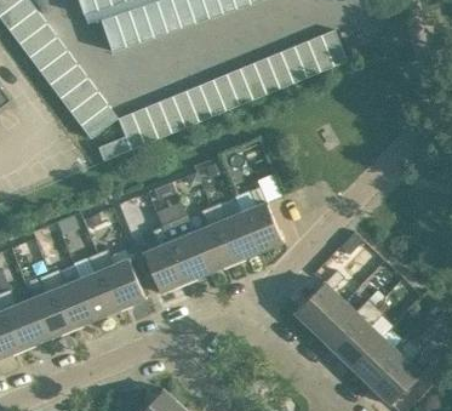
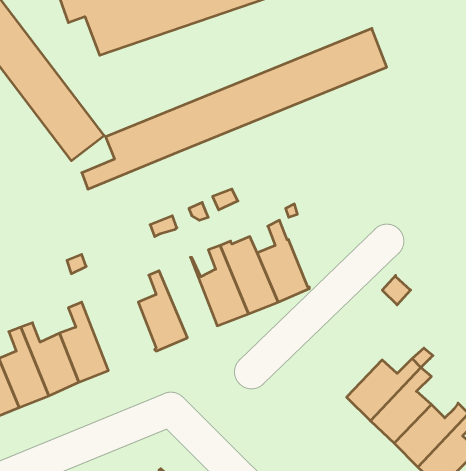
building: [161,217,208,282] -> none
building: [98,250,147,309] -> none
building: [293,270,344,331] -> none

